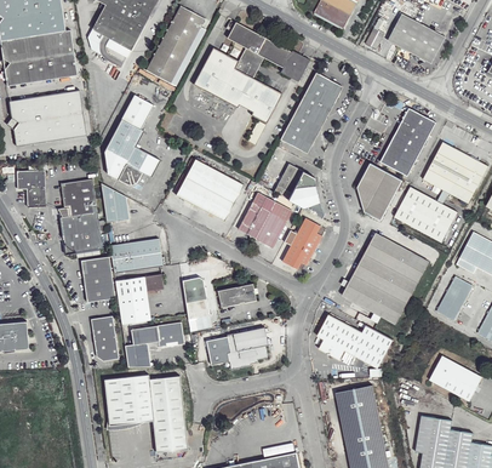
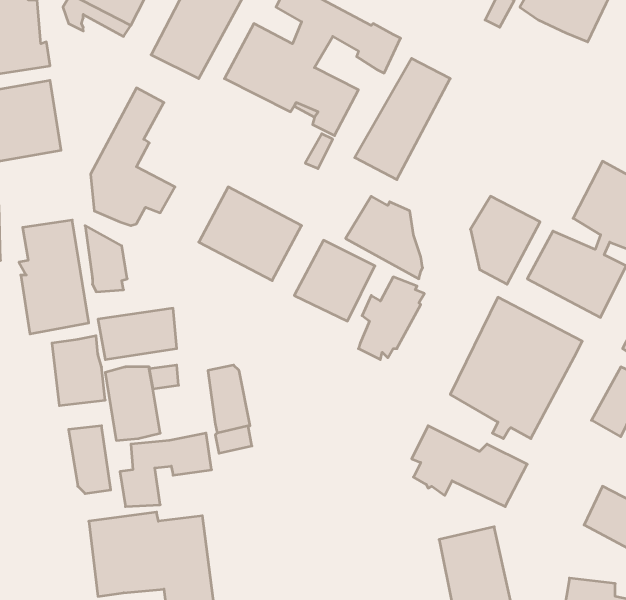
building: [379,107,436,175] -> none
building: [217,284,256,309] -> none
building: [206,329,267,371] -> none

